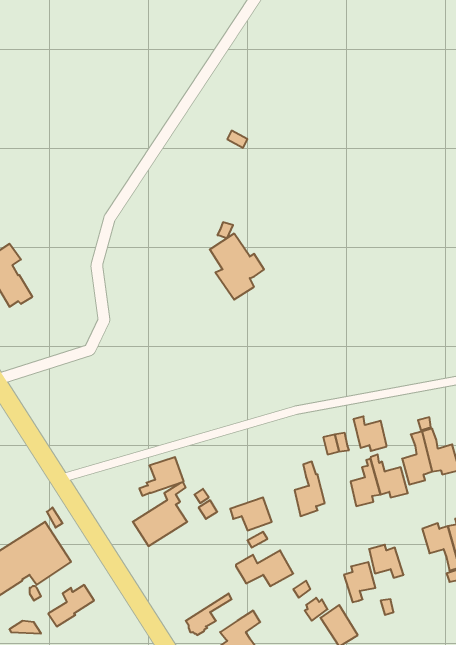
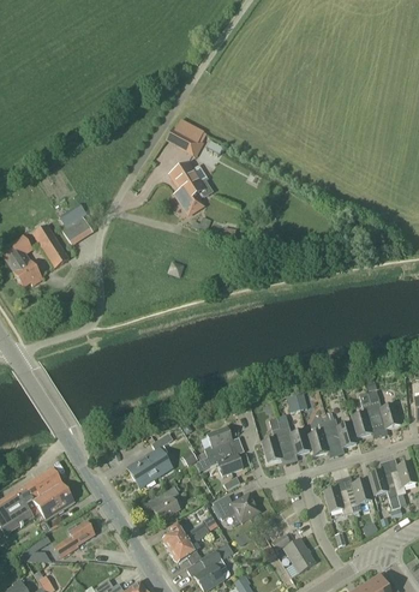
building: none -> [166,118,206,156]
building: none -> [58,202,92,245]
building: none -> [32,223,68,267]
building: [210,234,264,300] -> [167,161,213,216]
building: [353,416,386,451] -> [281,425,309,454]
building: [139,457,184,496] -> [198,426,235,459]
building: none -> [152,485,179,520]
building: [344,562,375,602] -> [346,478,372,512]
building: none -> [162,520,206,550]

